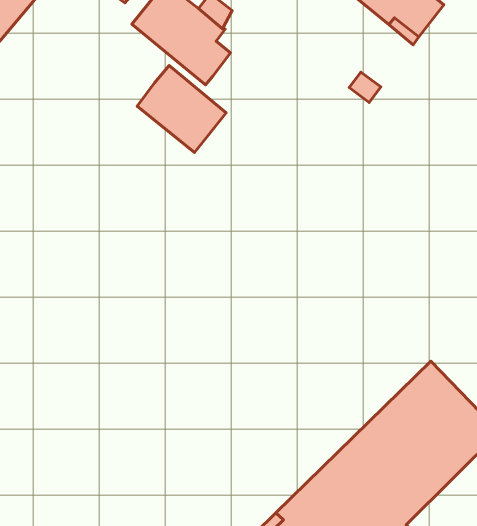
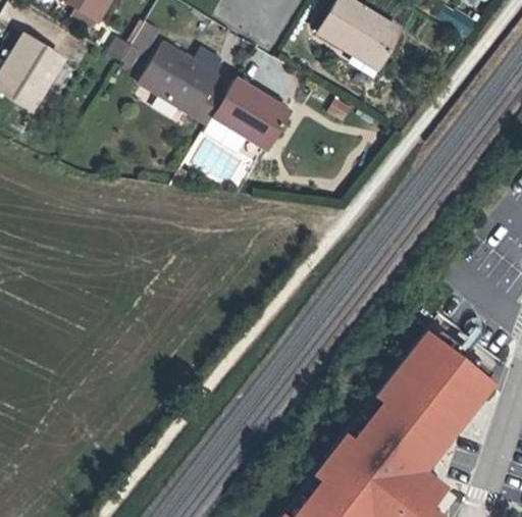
building: [137,65,226,153] -> [215,79,291,149]

